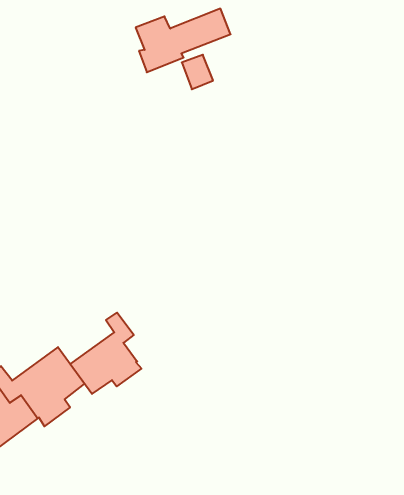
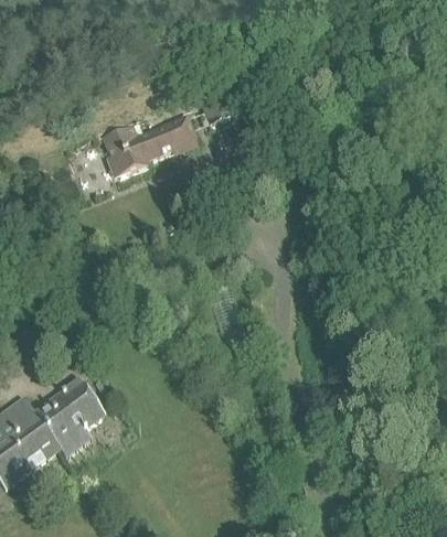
building: [136,9,231,72] -> [103,115,196,178]
building: [70,313,141,394] -> none

